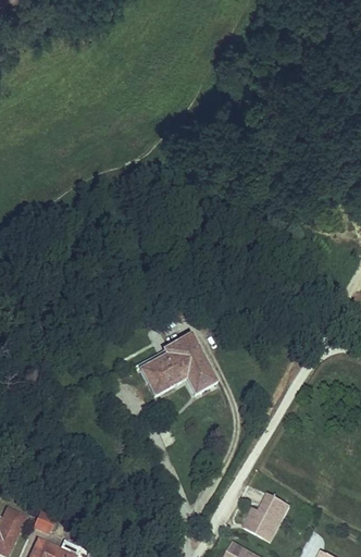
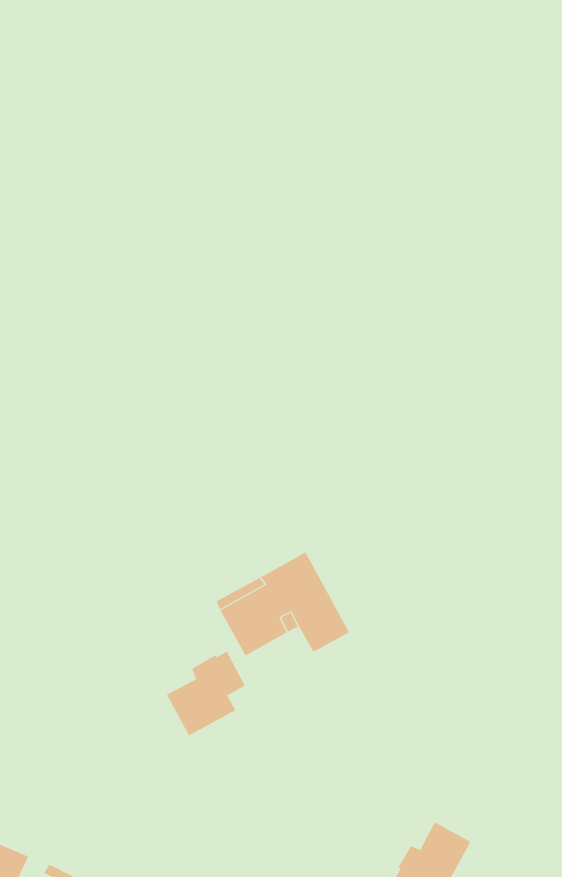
building: none -> [166,651,246,736]

